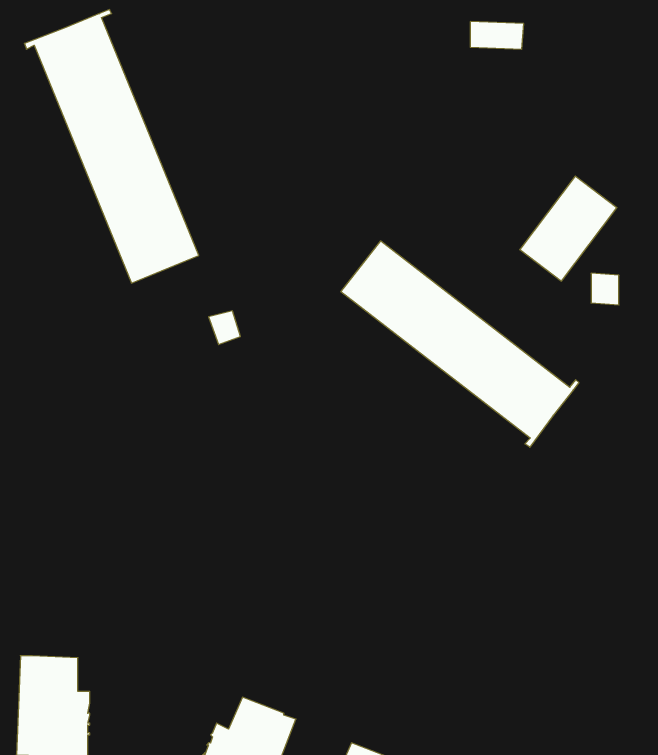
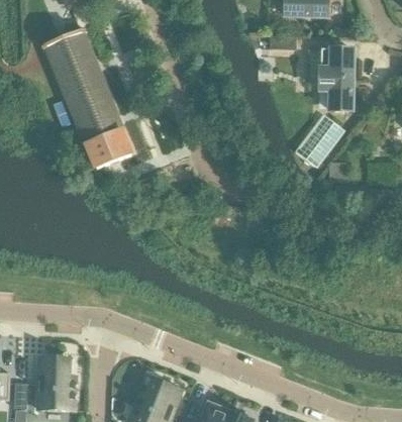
building: none -> [321,48,354,110]
building: [341,241,579,447] -> none

